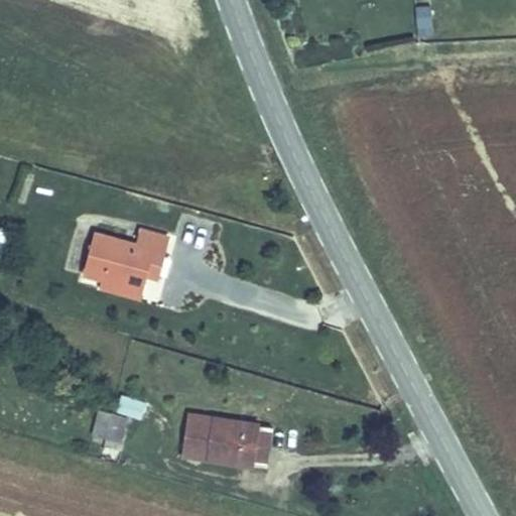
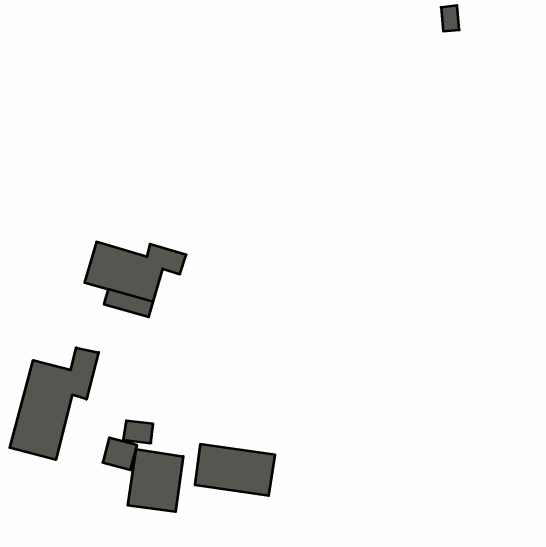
building: none -> [10,348,99,460]
building: none -> [128,449,183,512]

